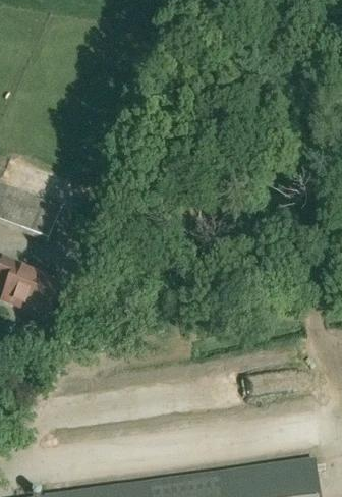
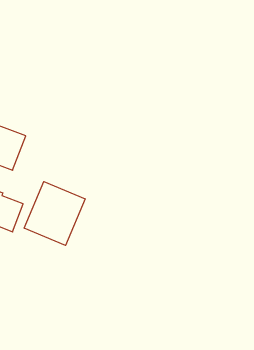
building: none -> [24,182,85,245]

